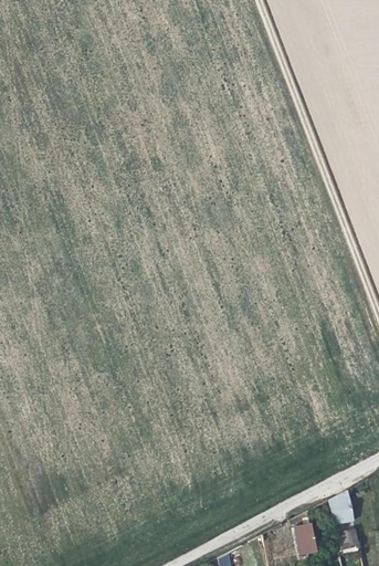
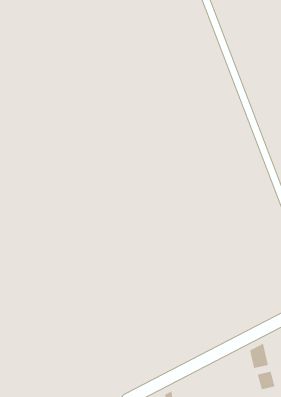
building: [293,524,316,555] -> none

